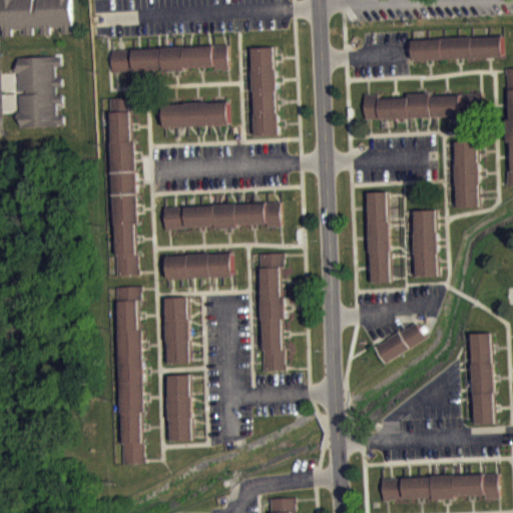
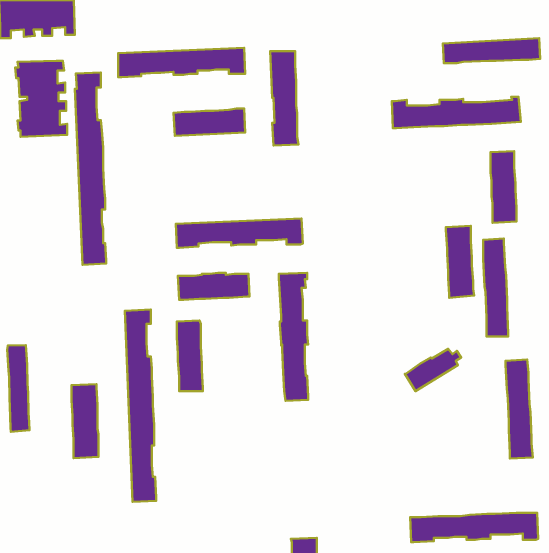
building: [107,98,136,276] -> [75,72,106,265]
building: [366,191,389,282] -> [483,239,508,336]
building: none -> [7,345,30,432]
building: [166,375,191,443] -> [71,384,99,458]

